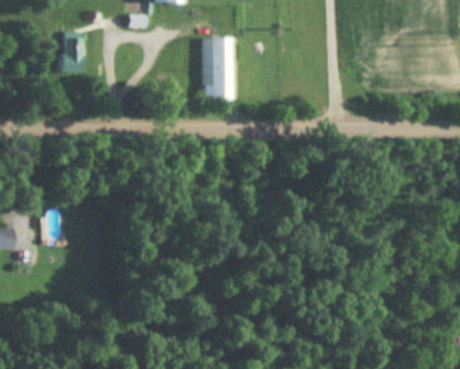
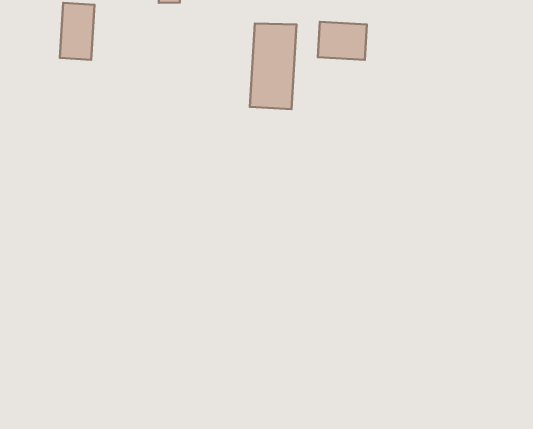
building: none -> [318,22,367,60]

